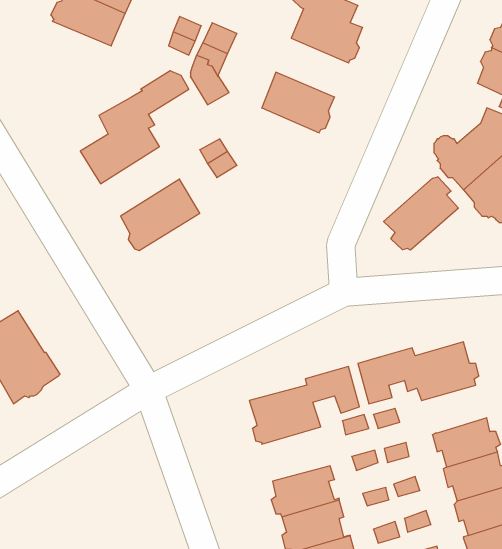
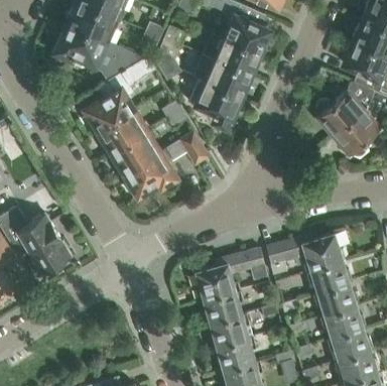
building: none -> [53,25,143,75]
building: none -> [202,32,260,75]
building: none -> [192,82,240,125]
building: none -> [98,107,149,152]
building: [384,177,458,250] -> none
building: none -> [123,131,209,197]
building: none -> [306,262,351,293]
building: none -> [203,289,247,325]

